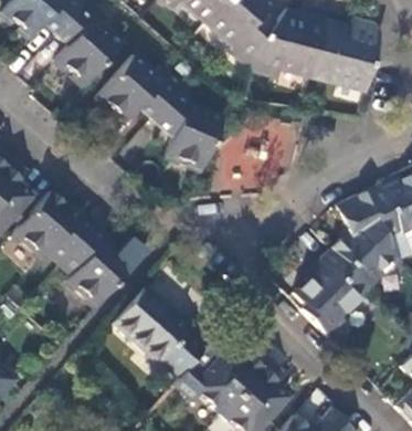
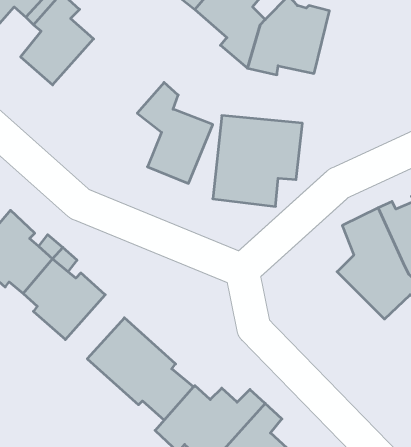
building: [310,22,380,88] -> none
building: [98,56,181,123] -> none
building: [289,248,371,338] -> none

